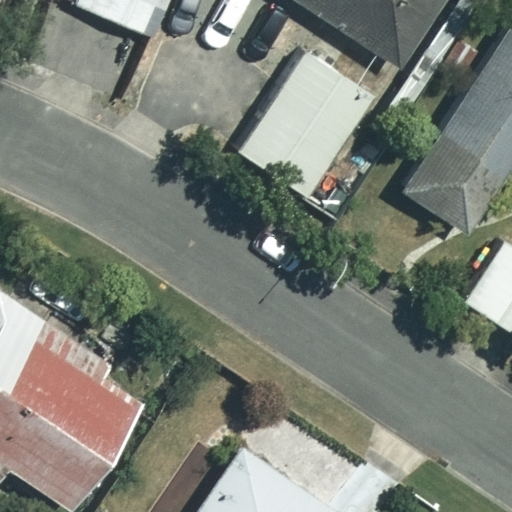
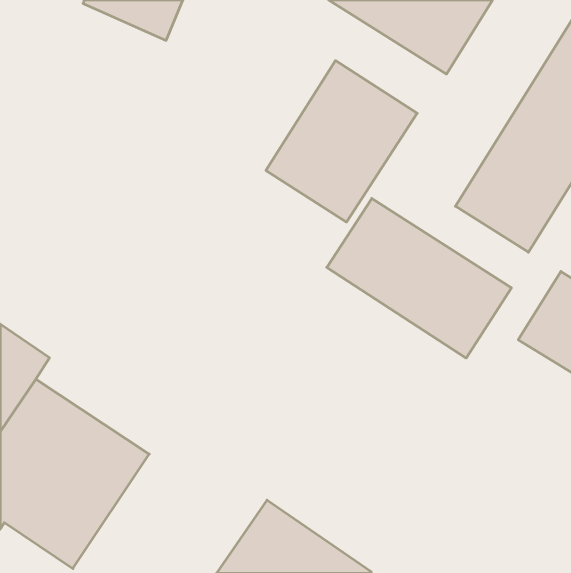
building: none -> [327,198,511,358]

